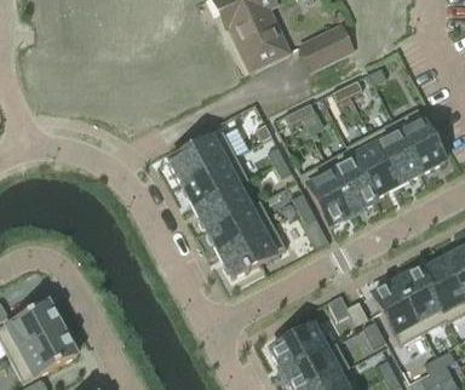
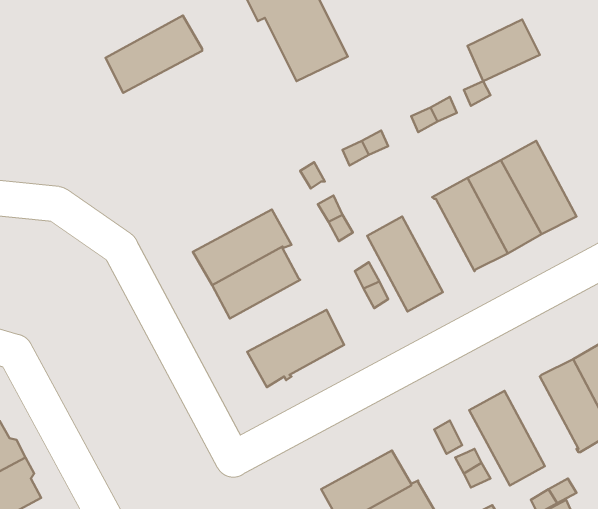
building: [299,25,349,68] -> [467,20,540,81]
building: [168,132,235,185] -> [105,16,202,93]
building: [325,149,377,213] -> none
building: [206,201,272,254] -> none
building: [395,268,446,333] -> none

